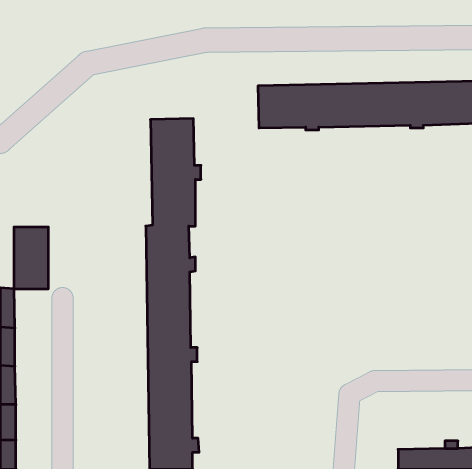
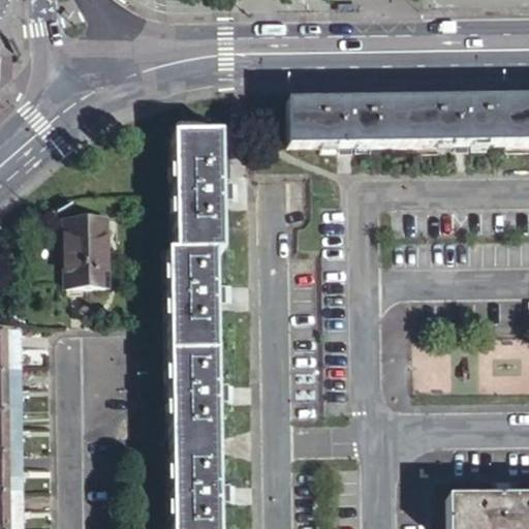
building: [14,227,48,289] -> [77,207,116,275]

